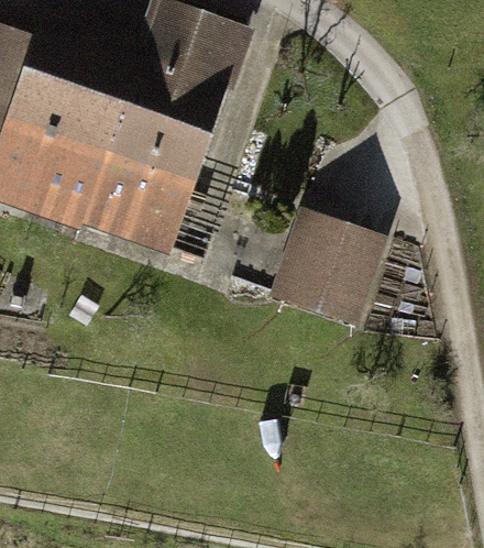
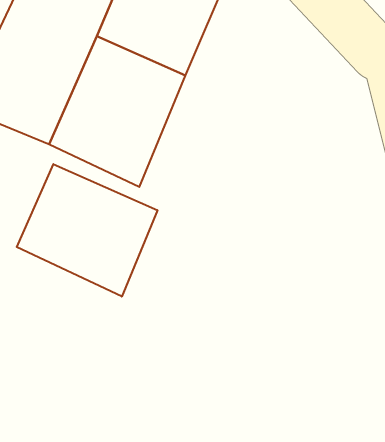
building: [268,212,403,335] -> none
building: none -> [17,164,157,297]

